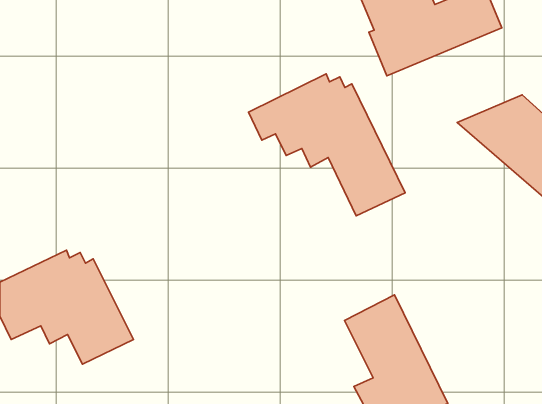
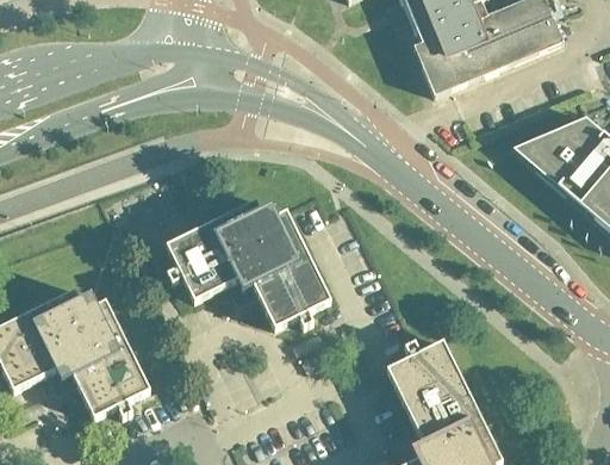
building: [248,74,405,216] -> none
building: none -> [167,200,331,328]

